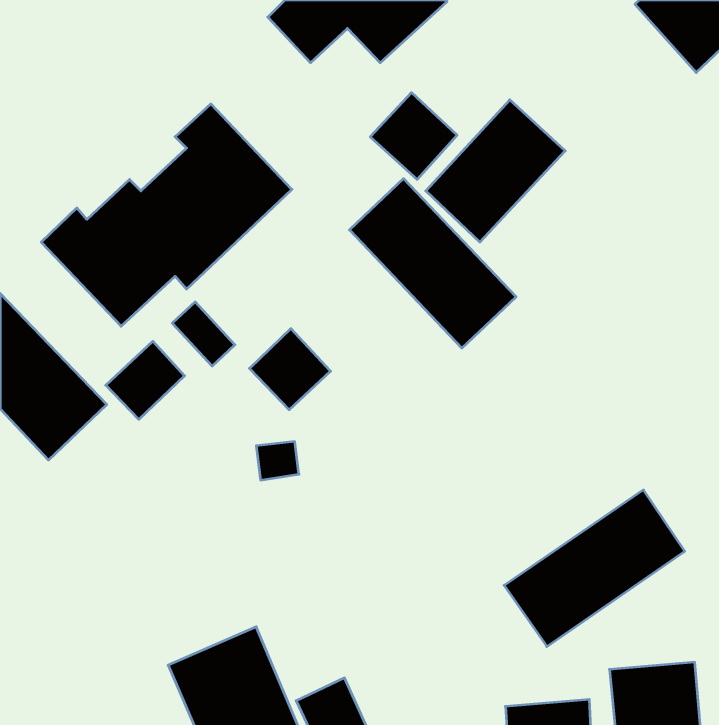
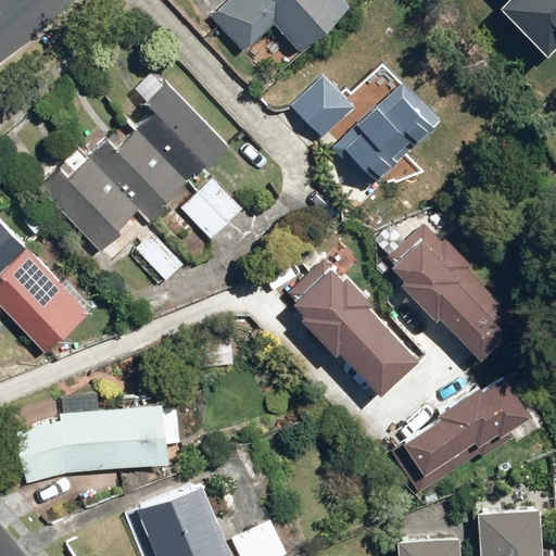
building: [349,179,516,348] -> [287,265,414,394]
building: none -> [383,224,518,361]
building: [249,329,331,410] -> [184,178,245,240]
building: [106,341,185,419] -> none
building: none -> [13,401,181,484]

